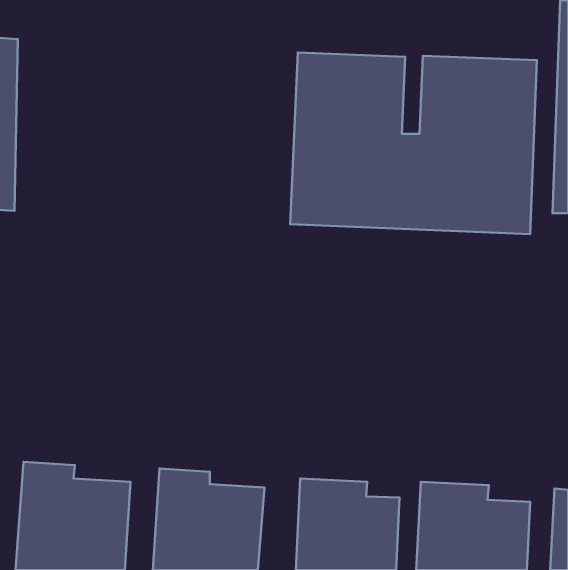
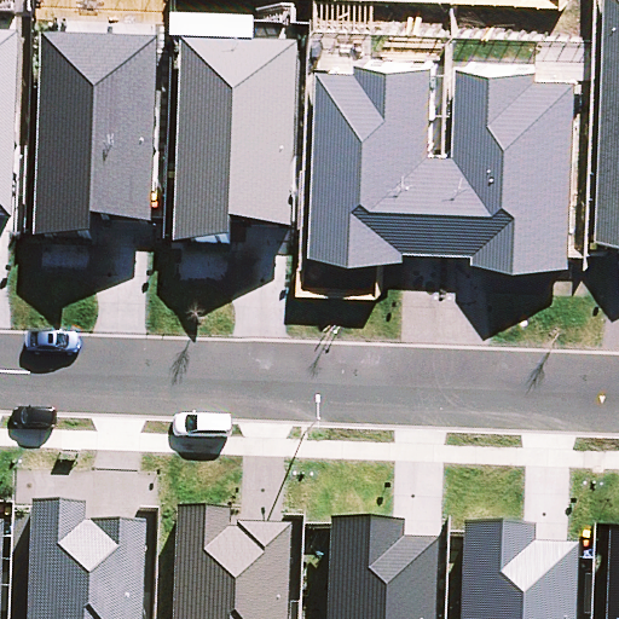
building: none -> [35,42,158,250]
building: none -> [174,46,299,251]

